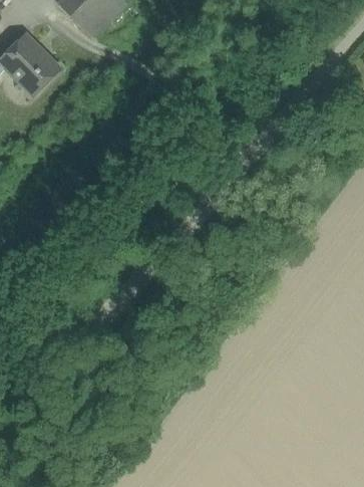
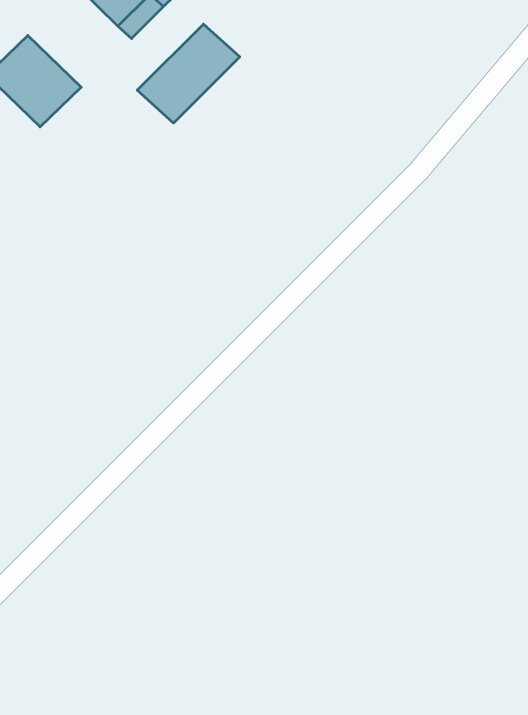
building: none -> [137,24,240,123]

